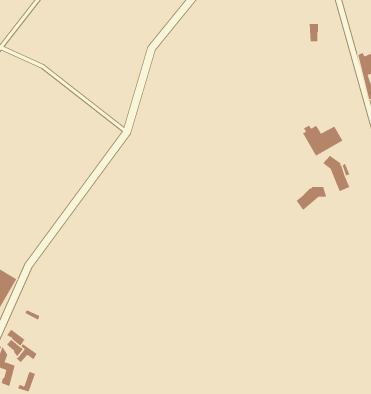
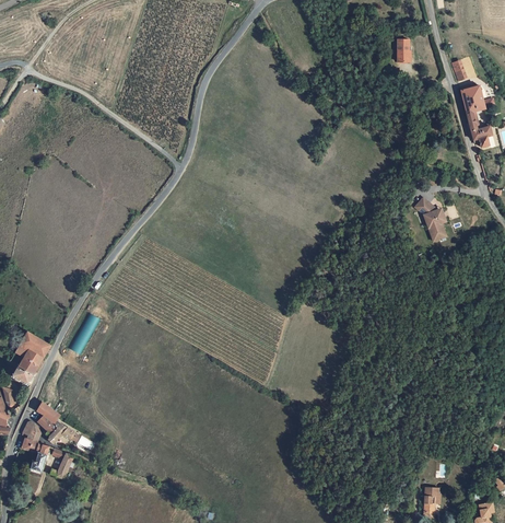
building: [302,125,343,157] -> none
building: [296,186,327,211] -> none

